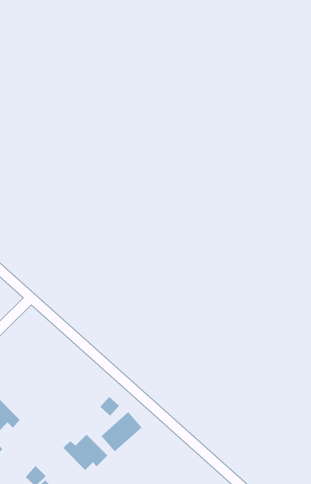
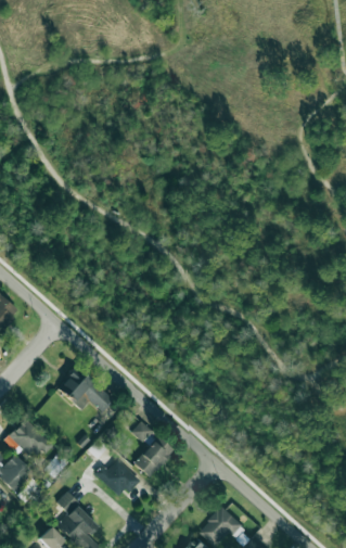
building: none -> [57,368,113,413]

